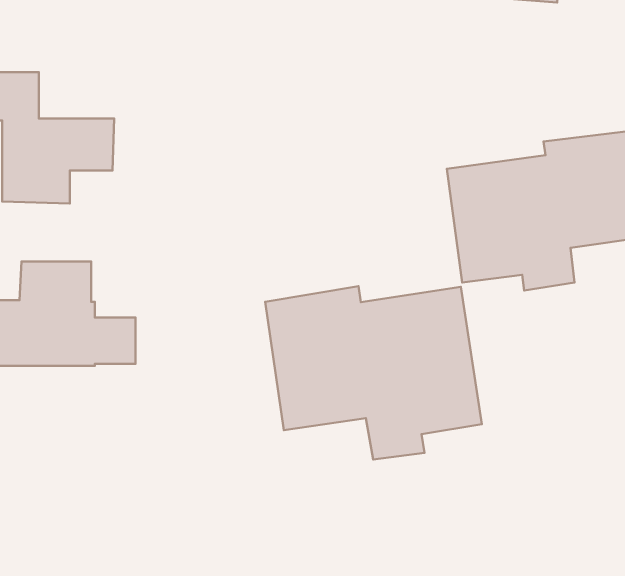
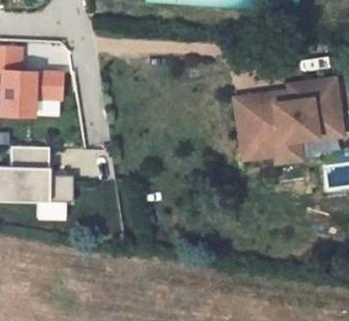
building: [265,286,482,460] -> none

